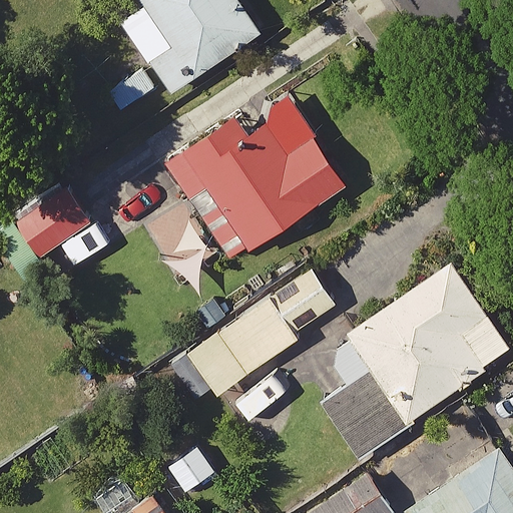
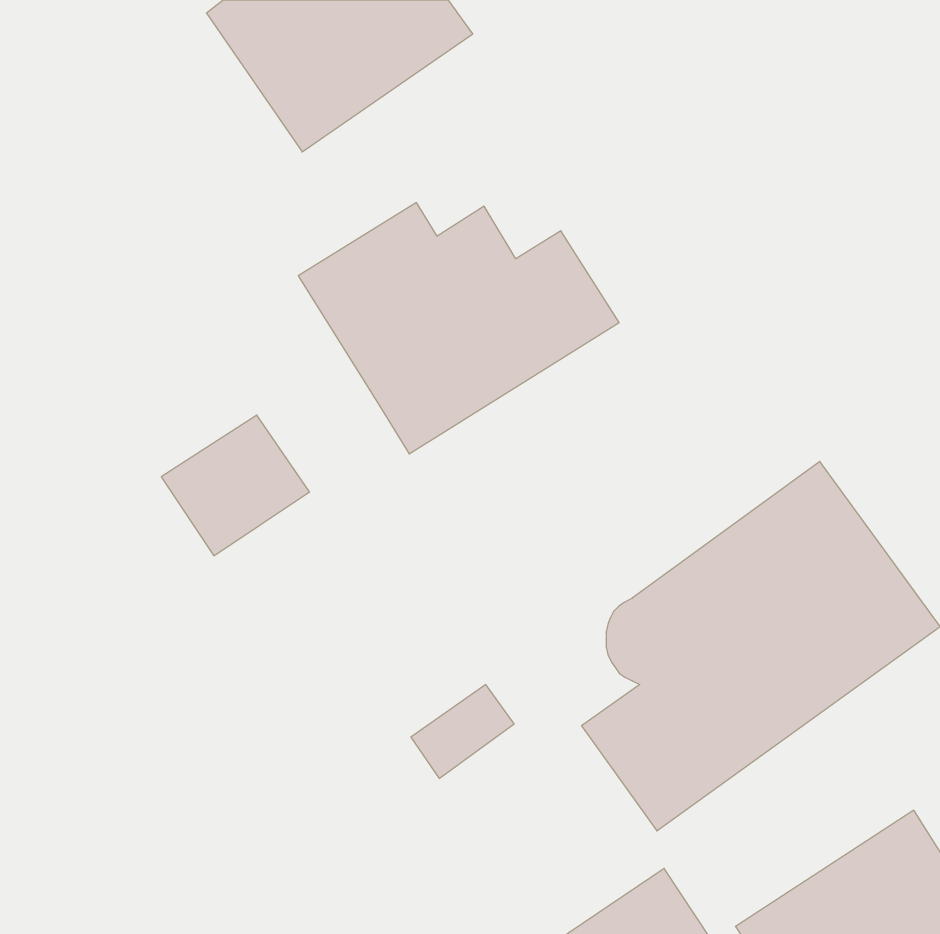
building: [14,183,93,259] -> [161,415,310,556]
building: [166,269,337,409] -> none

